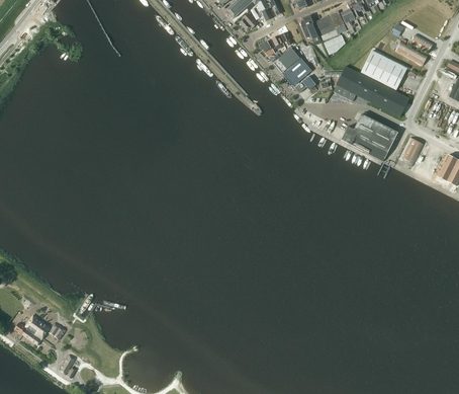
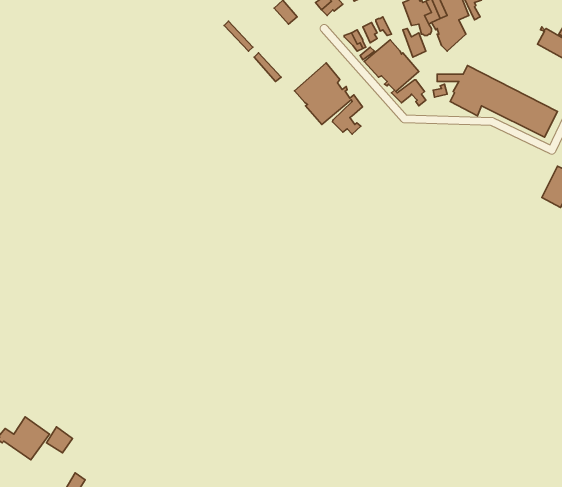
building: [360,50,406,90] -> none
building: none -> [295,63,362,134]
building: [340,113,397,161] -> none

